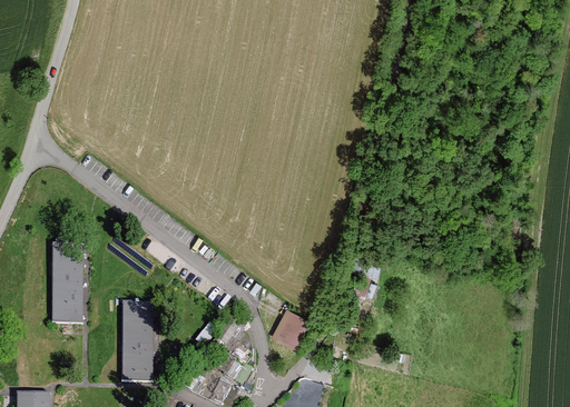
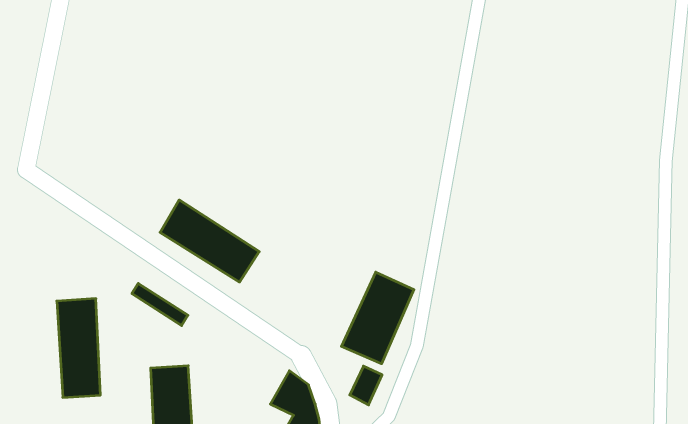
building: none -> [160,200,259,282]
building: none -> [341,272,414,364]

